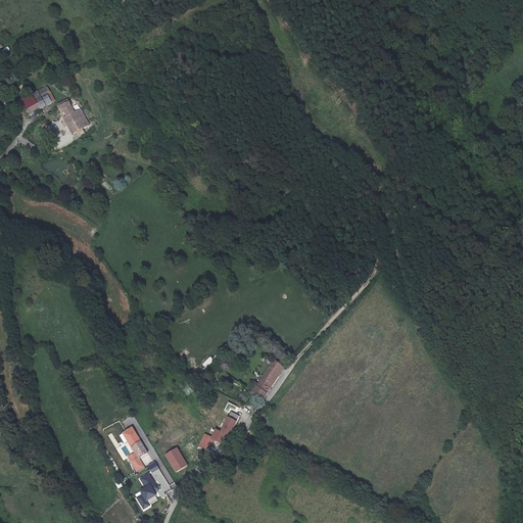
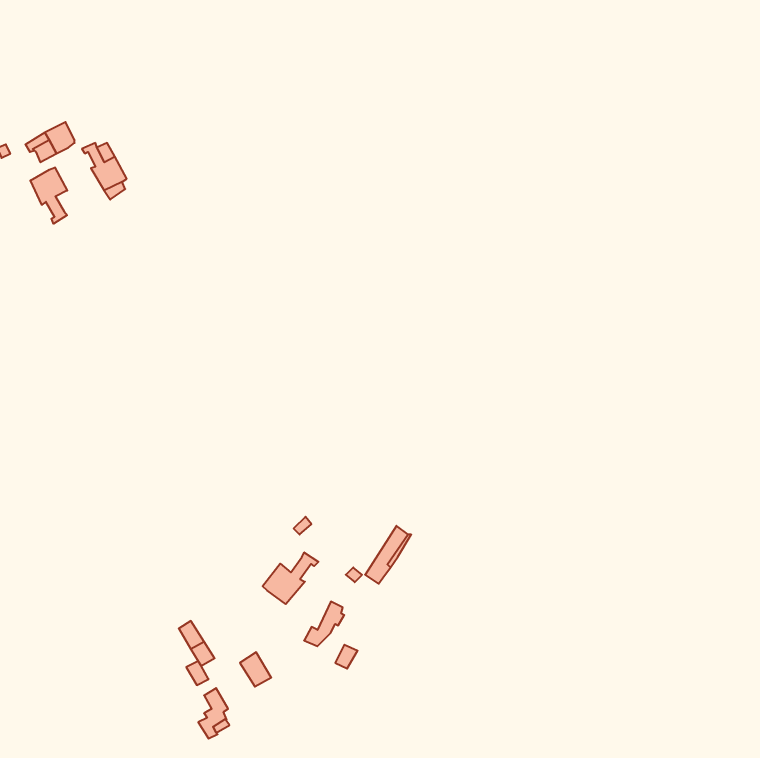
building: none -> [30,167,67,224]
building: none -> [263,552,318,604]

